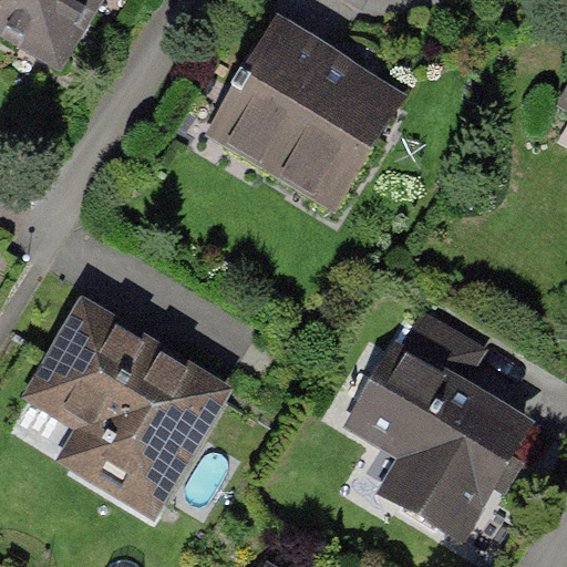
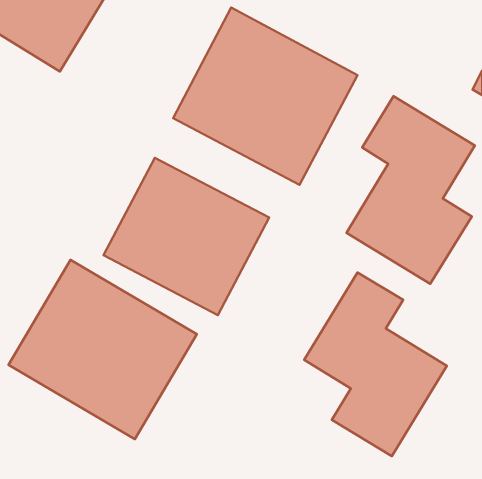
building: none -> [346,96,475,284]
building: none -> [104,158,269,315]

